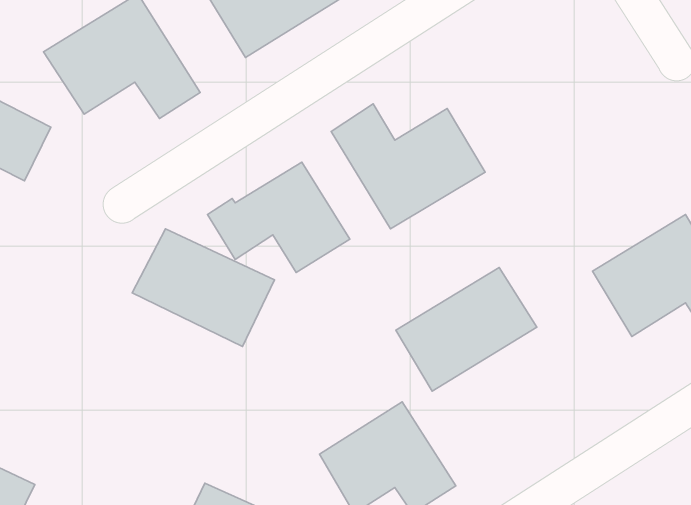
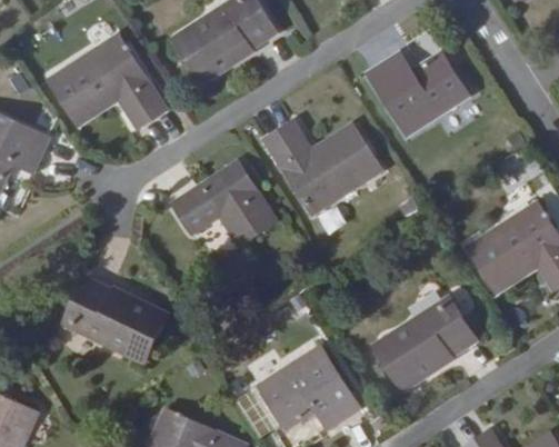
building: none -> [366,50,469,136]
building: [132,229,275,347] -> [61,272,170,362]
building: [396,268,537,391] -> [371,298,479,393]

